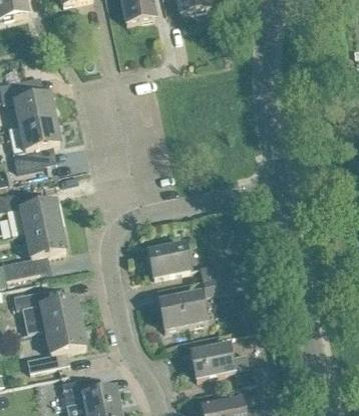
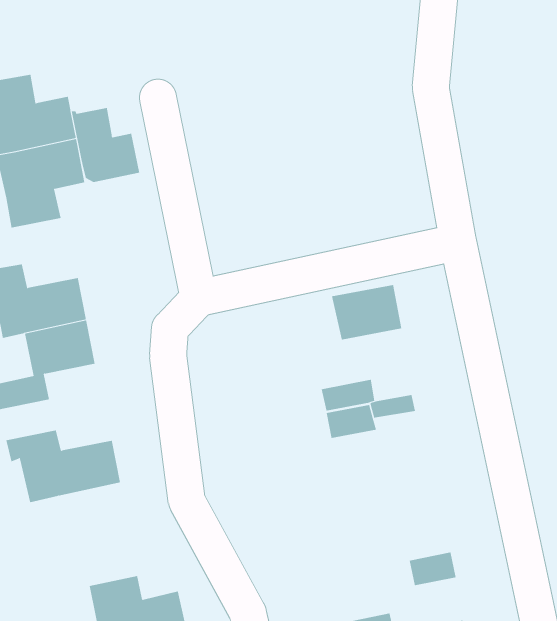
building: none -> [71,107,140,183]
building: [147,242,190,275] -> [331,284,402,340]
building: [158,290,207,329] -> none
building: [27,320,86,370] -> none
building: [191,342,248,378] -> none

